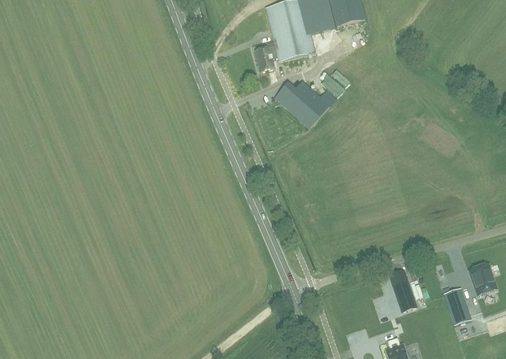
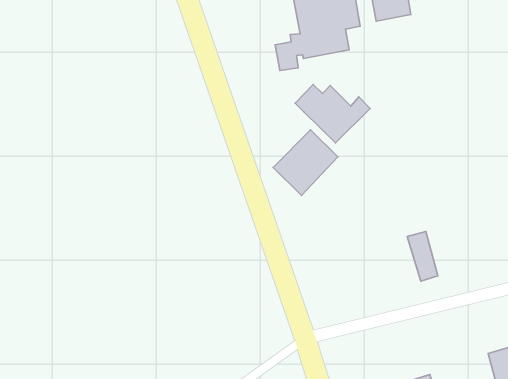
building: none -> [273,130,338,195]
building: [389,269,416,310] -> [407,231,438,281]

